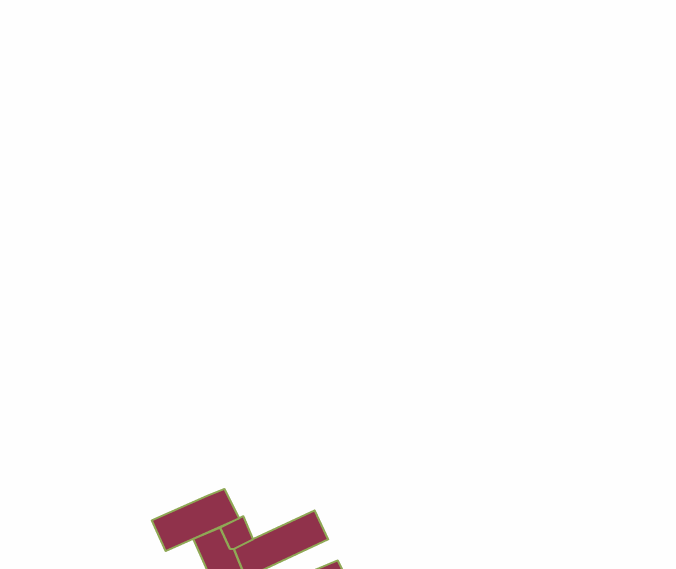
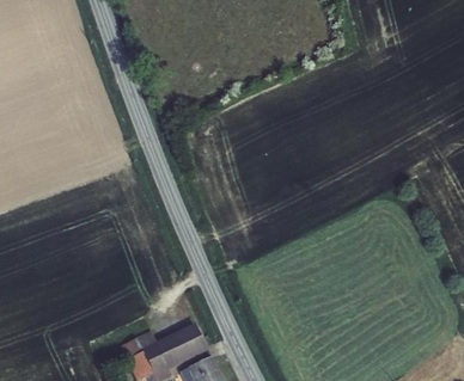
building: [152,489,239,551] -> none

